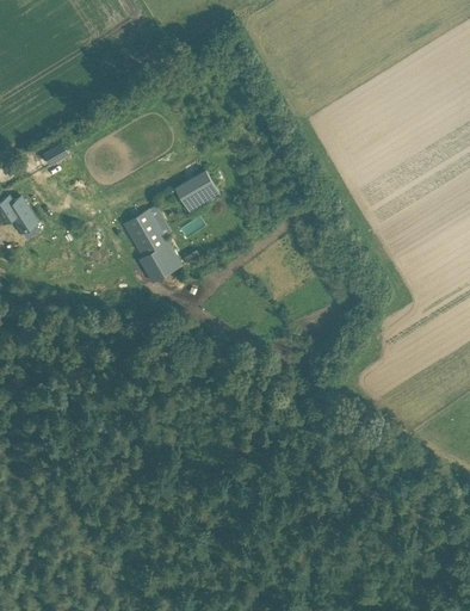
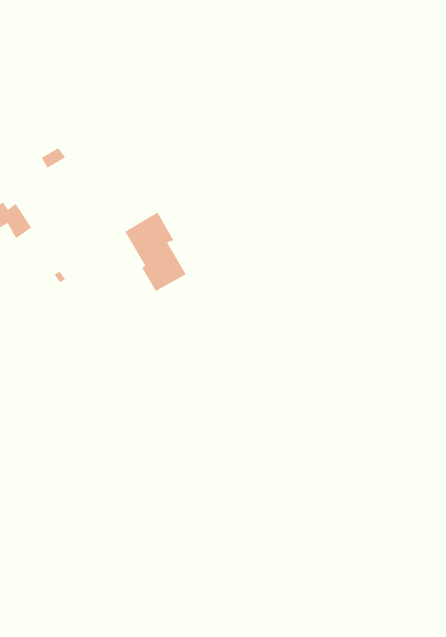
building: [177,169,221,212] -> none

